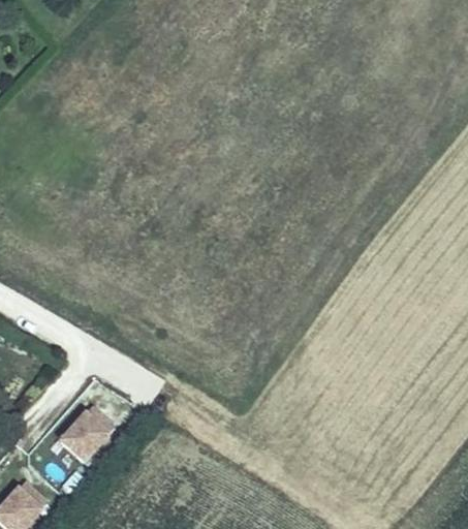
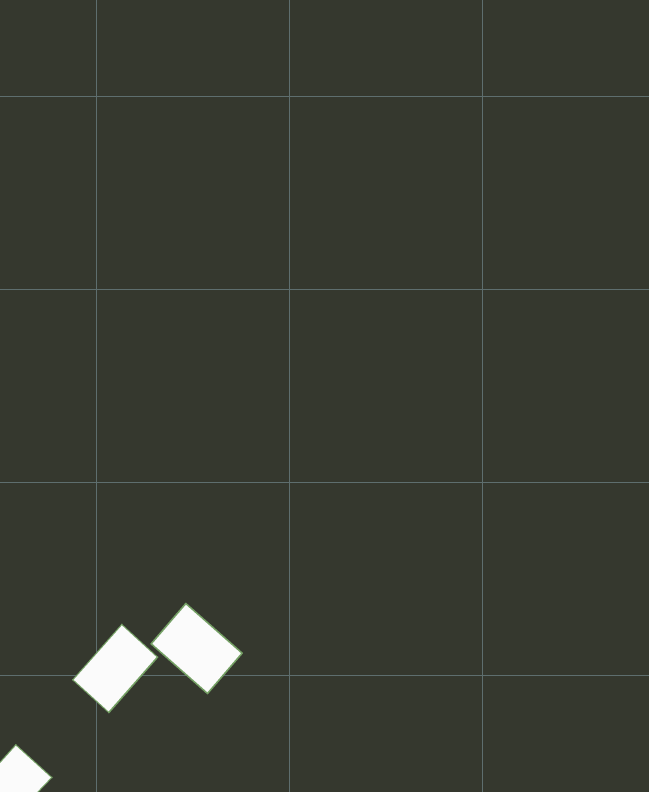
building: none -> [151,603,242,693]

